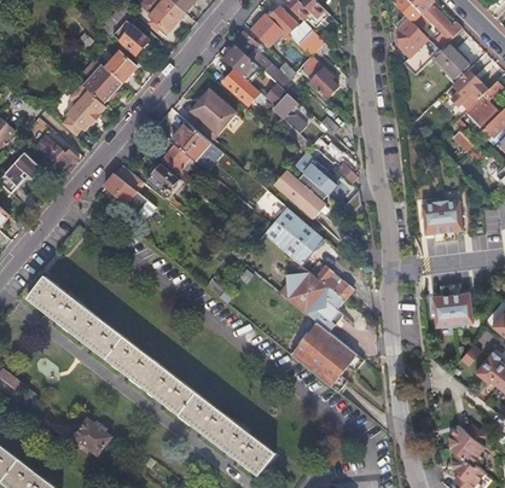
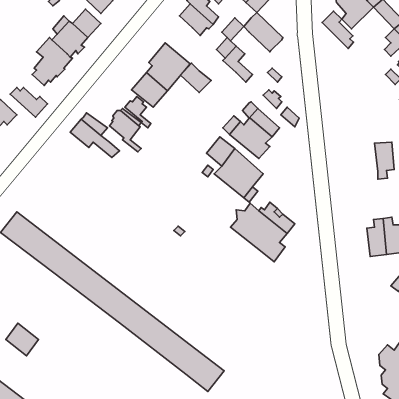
building: none -> [322,11,354,49]
building: [226,71,260,104] -> [181,63,211,93]
building: [420,199,443,240] -> none
building: [290,320,364,391] -> none
building: [74,417,110,453] -> [6,323,39,356]

